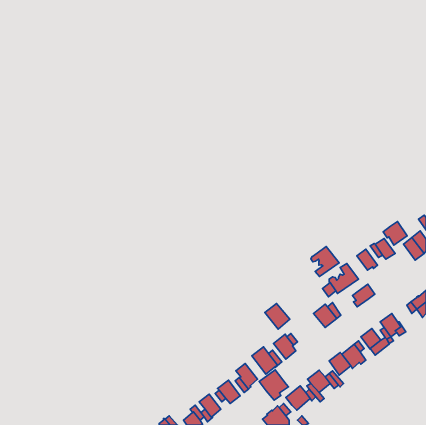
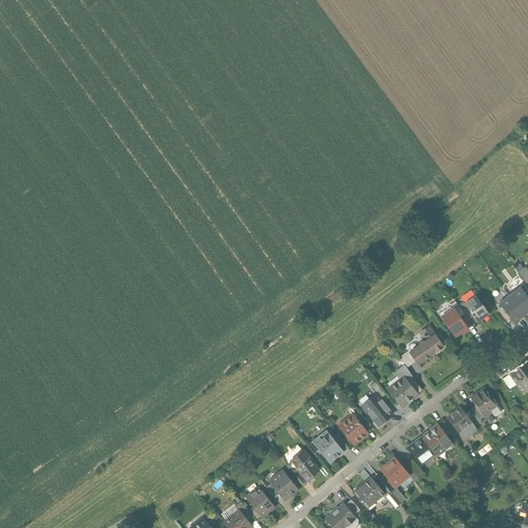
building: [383,221,407,245] -> none
building: [311,246,339,277] -> none
building: [353,284,375,307] -> none
building: [265,303,290,329] -> [362,394,393,426]
building: [259,370,288,400] -> none

